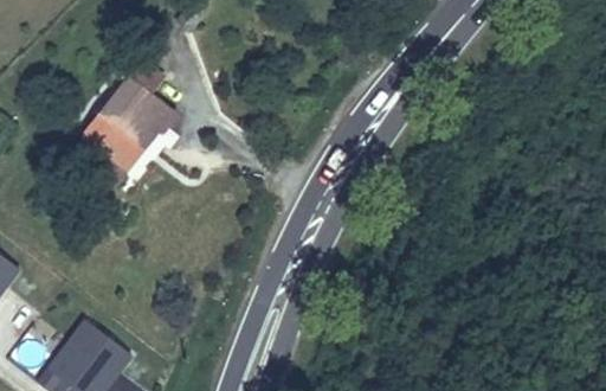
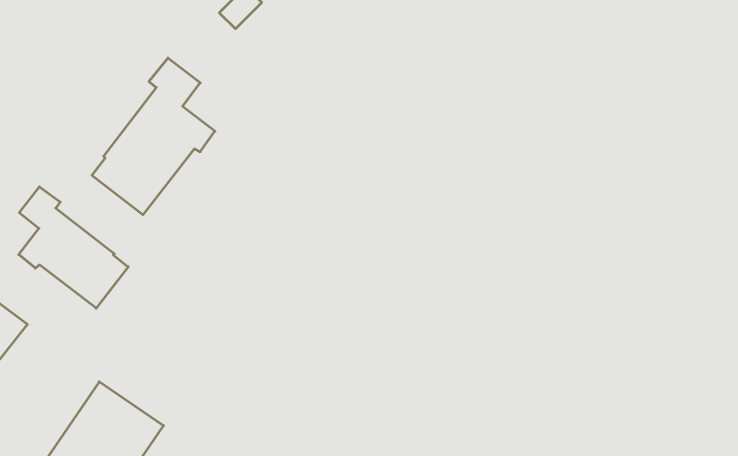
building: none -> [19,187,128,308]

